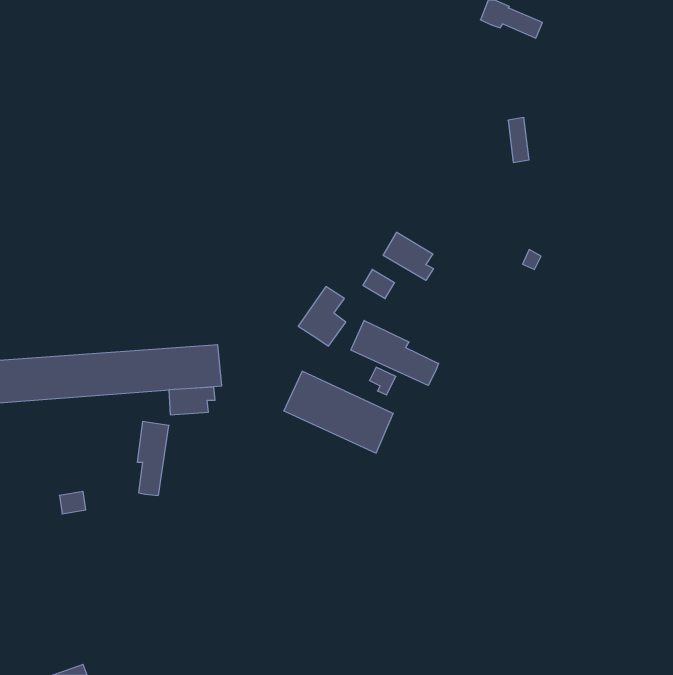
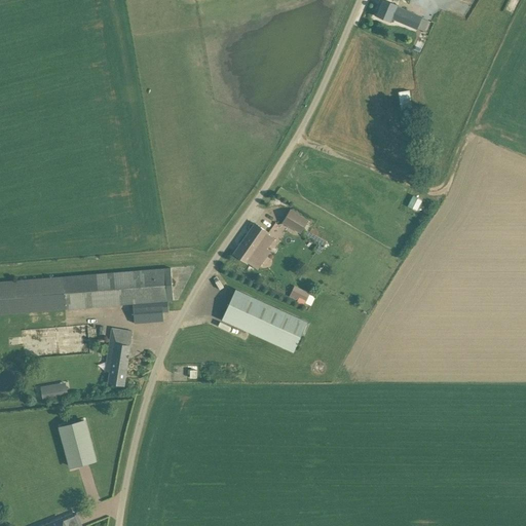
building: [383,232,433,280] -> none
building: [351,320,439,385] -> none
building: none -> [60,420,93,466]

